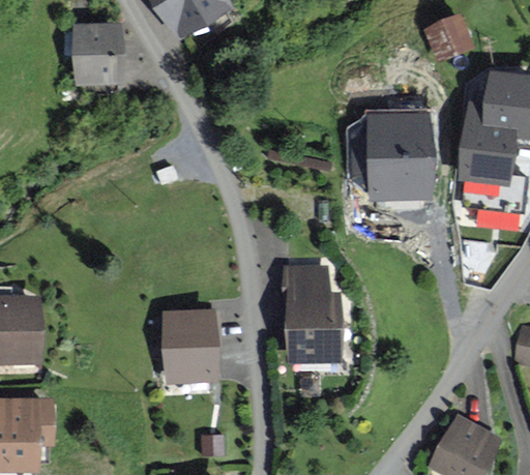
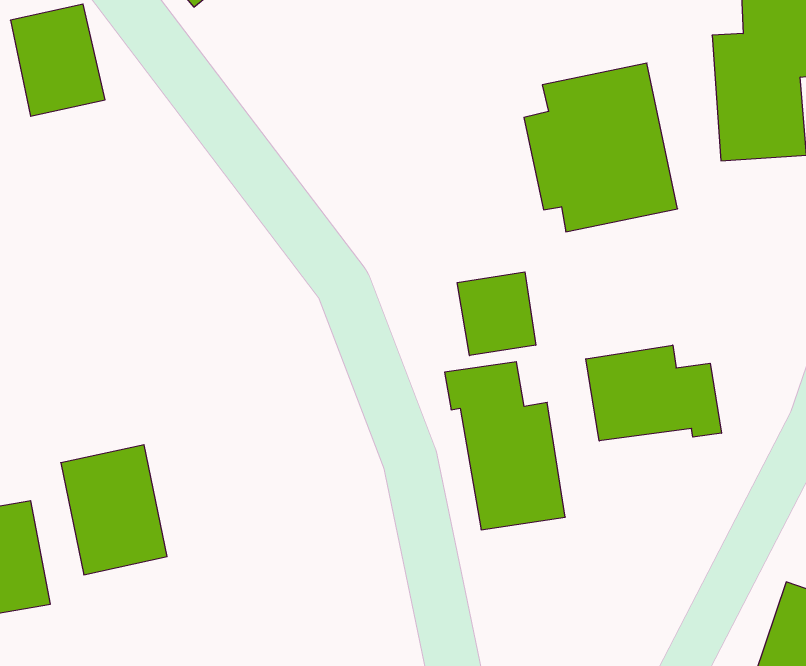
building: none -> [457,272,536,356]
building: none -> [586,345,721,441]
building: [166,311,216,379] -> [61,445,167,575]

